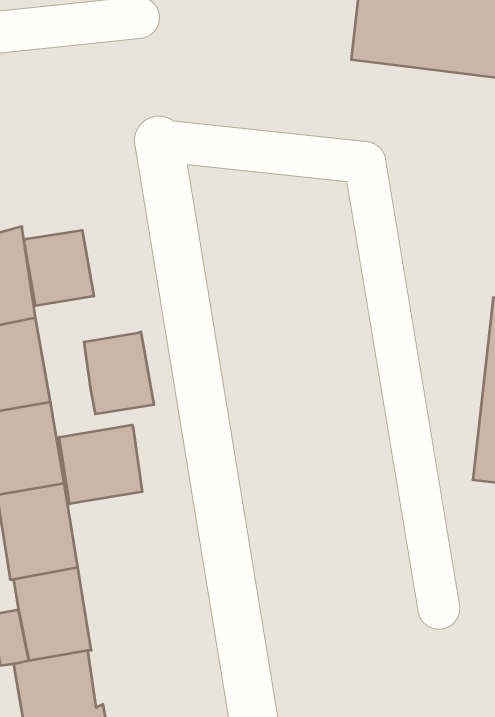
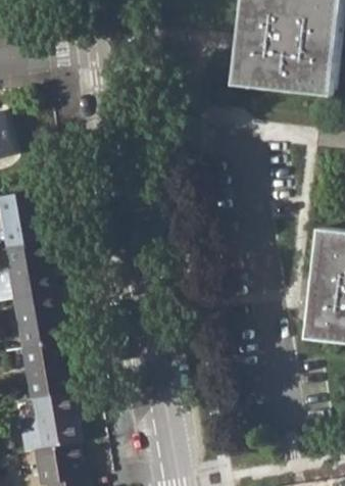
building: [24,230,94,306] -> none
building: [84,332,154,414] -> none
building: [59,425,142,504] -> none

